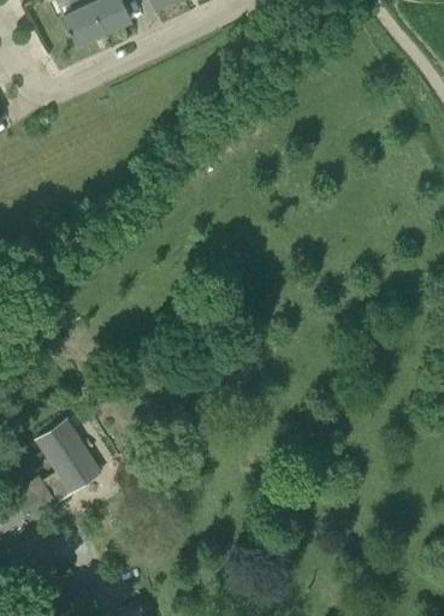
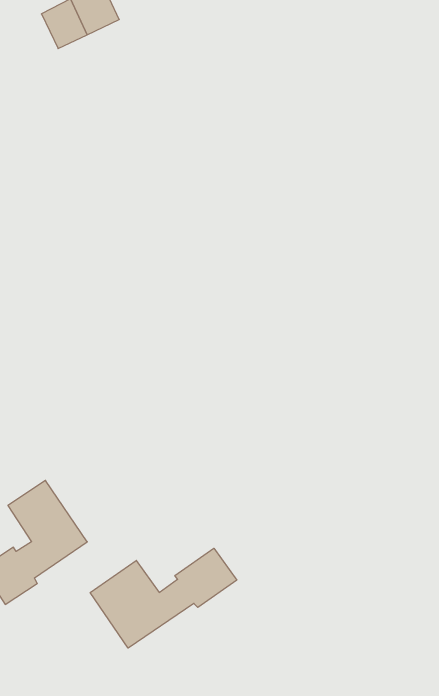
building: none -> [90,548,237,648]

